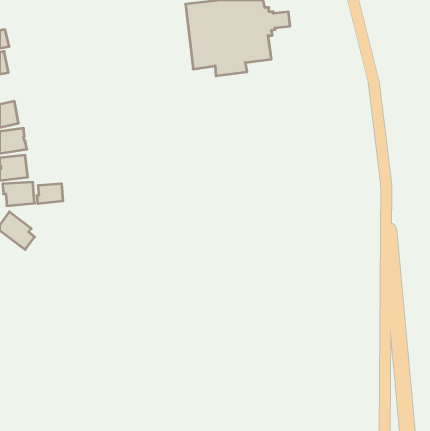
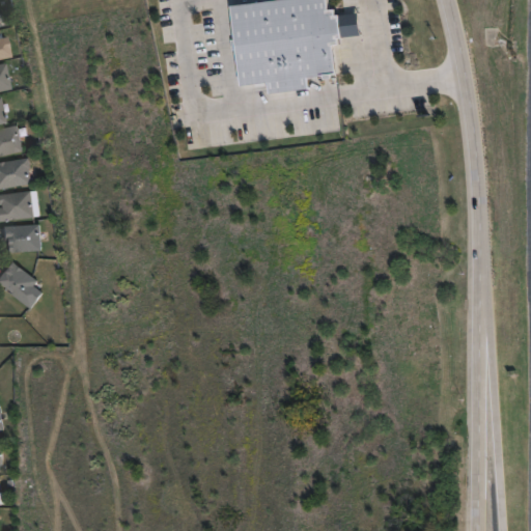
building: [37,184,63,204] -> none

